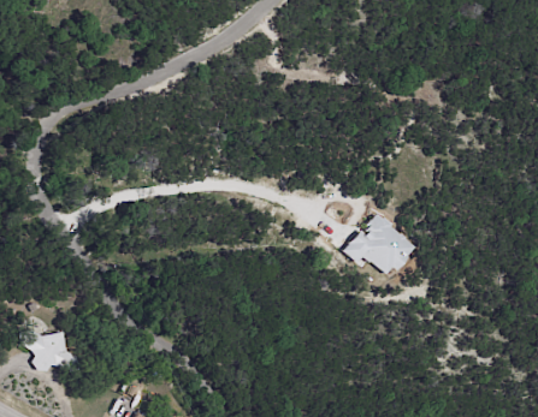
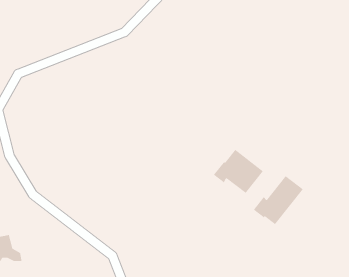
building: none -> [253,175,304,225]

